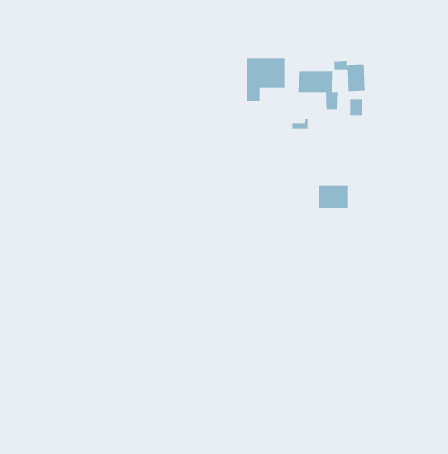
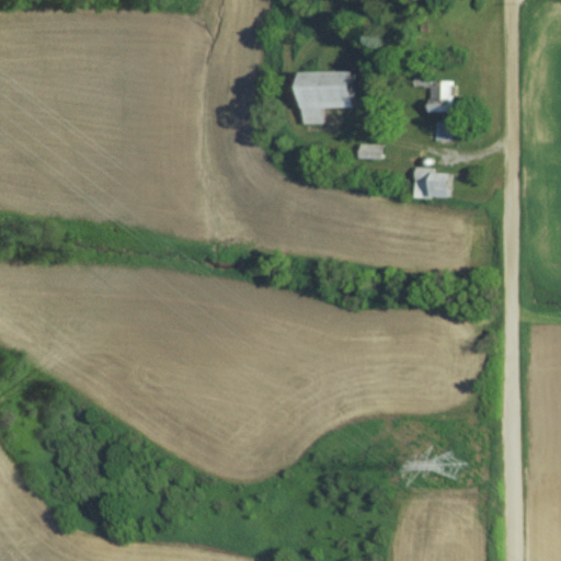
building: [298,70,338,110] -> none
building: [318,185,348,208] -> [412,170,449,198]

